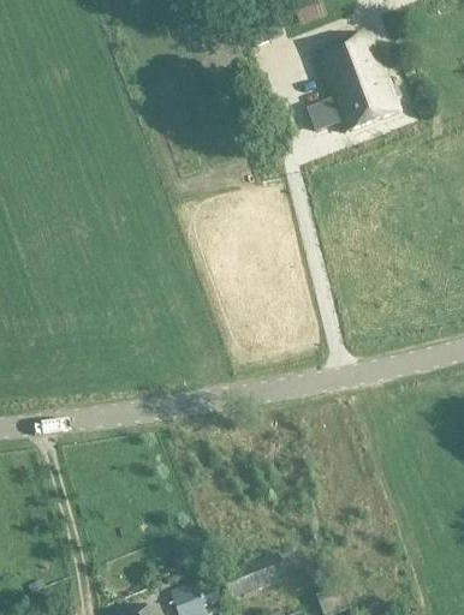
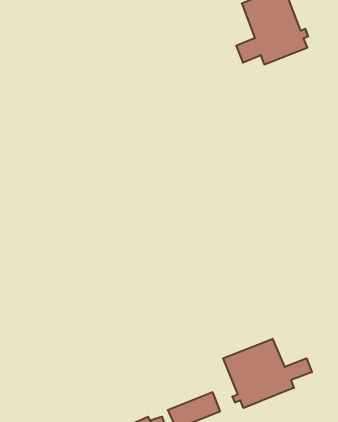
building: none -> [223,339,312,408]

